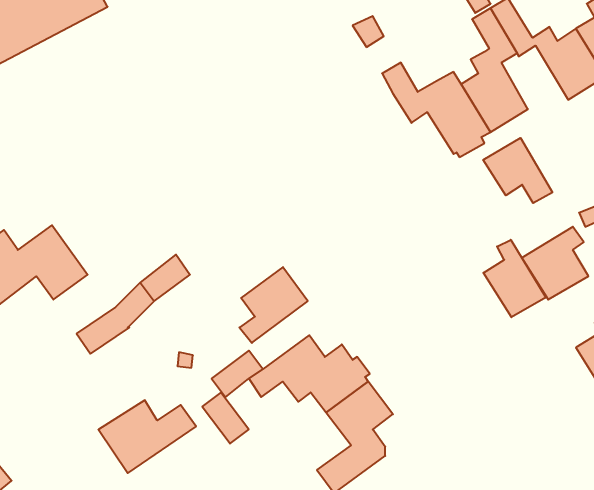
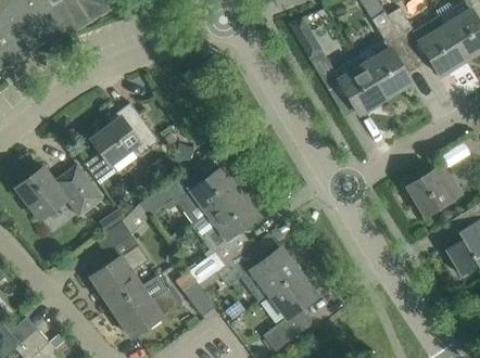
building: [483,138,552,203] -> none
building: none -> [84,103,159,177]
building: none -> [180,168,239,215]
building: [483,240,546,317] -> none
building: none -> [90,245,148,307]

